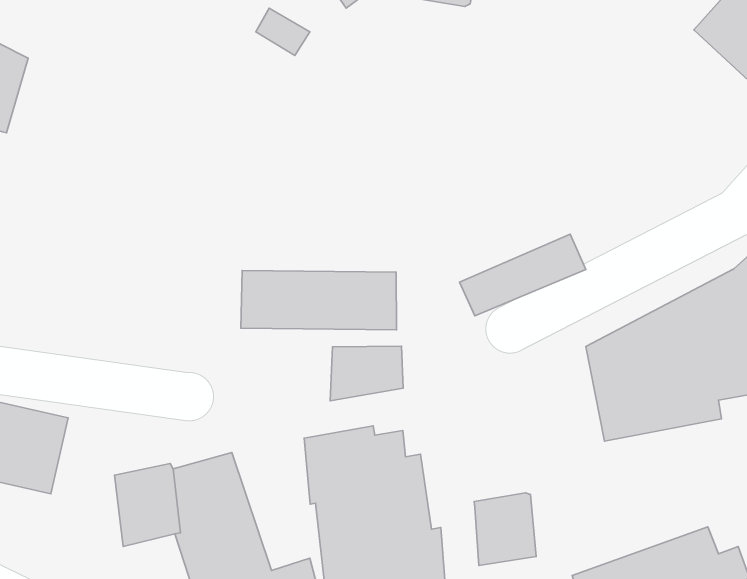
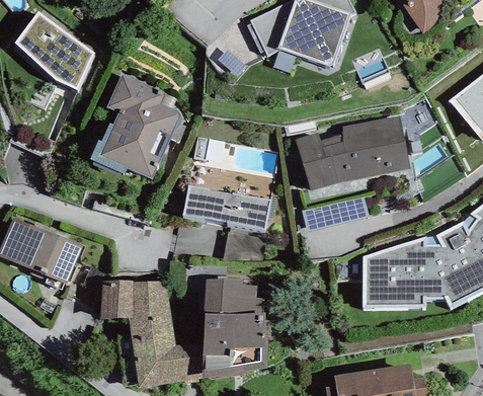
building: none -> [296,115,410,189]
building: none -> [90,75,186,178]
building: [474,493,536,566] -> none

